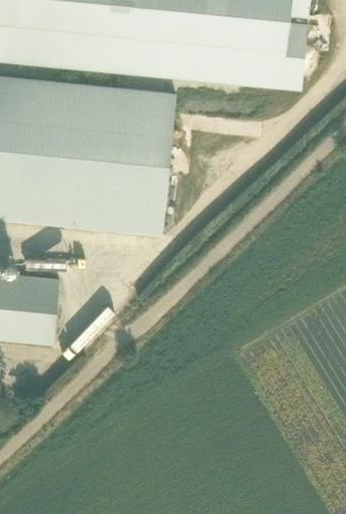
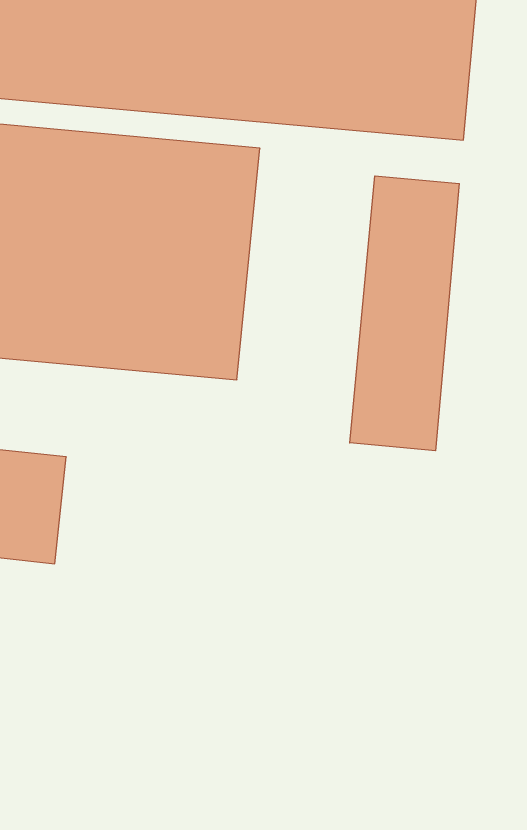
building: none -> [350,176,459,451]

